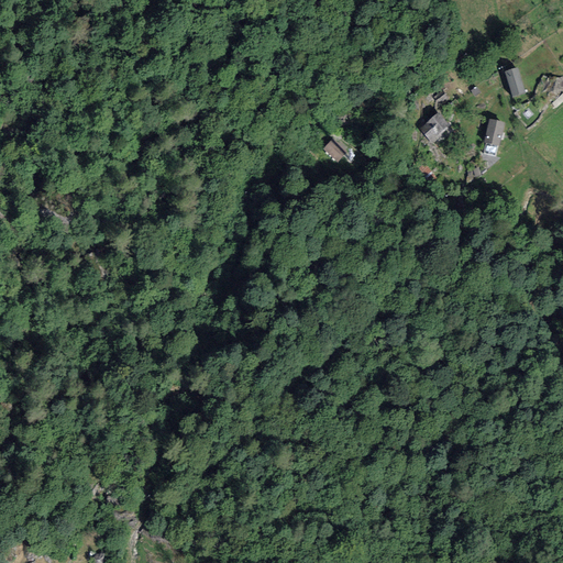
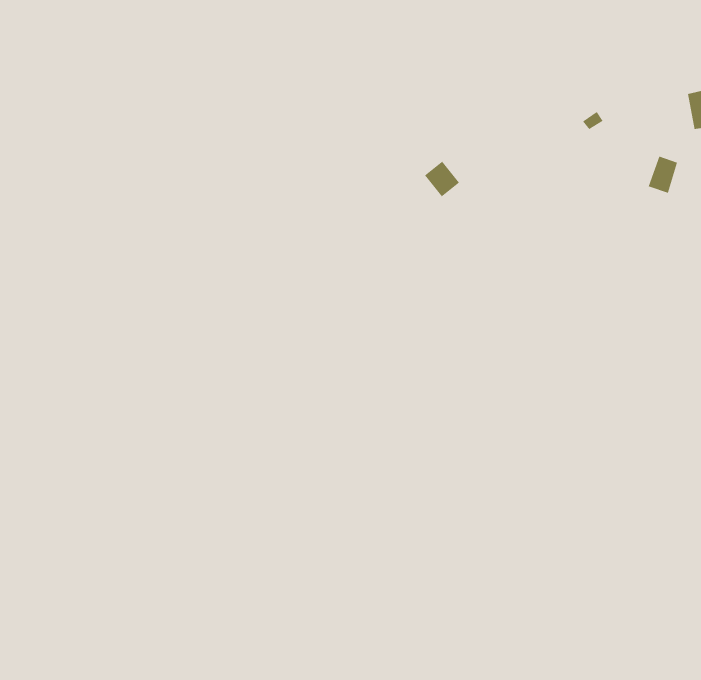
building: [419,112,449,143] -> none

